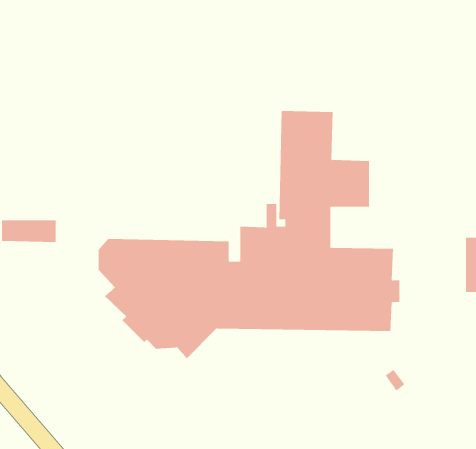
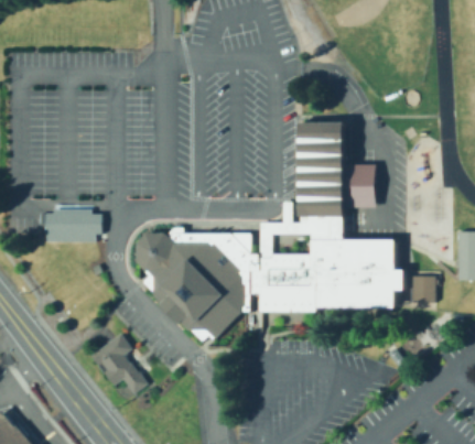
building: none -> [412,275,436,302]
building: none -> [90,333,147,393]

